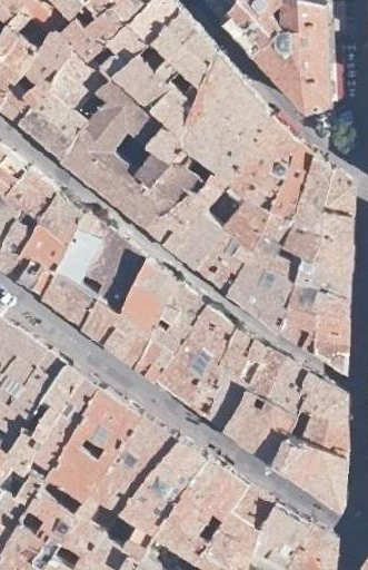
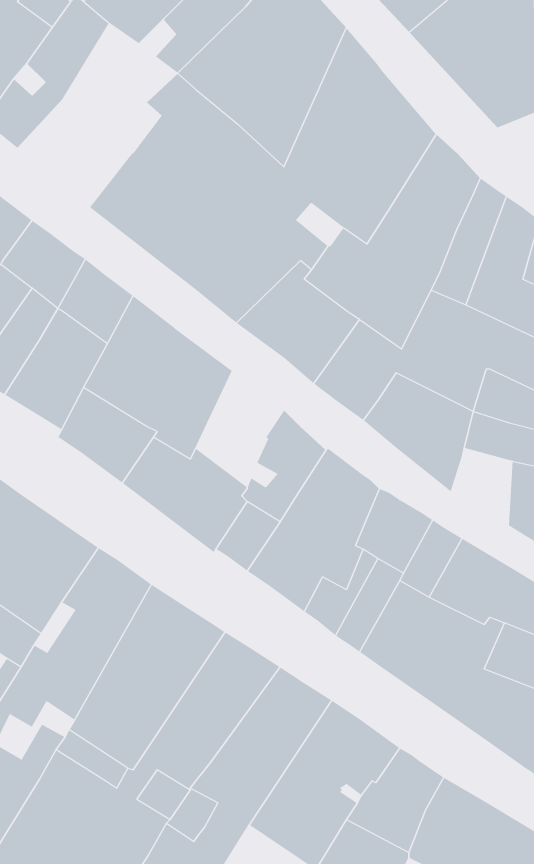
building: [18,49,115,160] -> none
building: [126,259,179,330] -> none
building: [280,306,317,353] -> none

